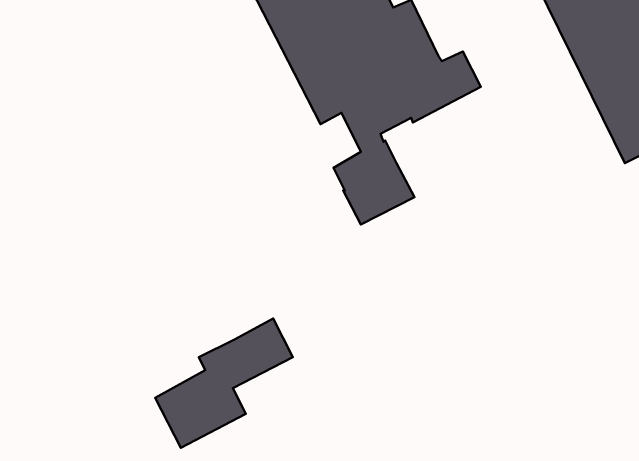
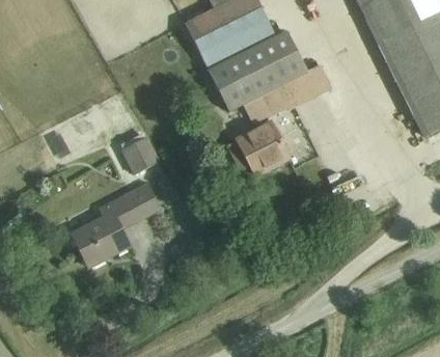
building: none -> [120,134,159,171]
building: [155,318,293,448] -> [72,183,160,266]

